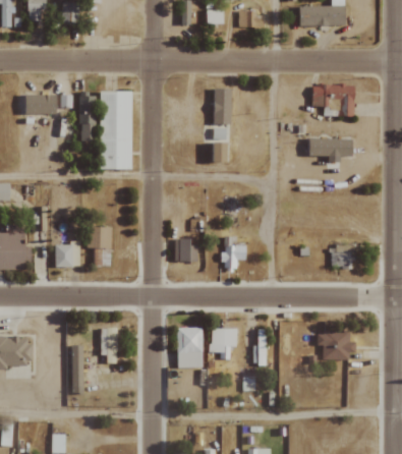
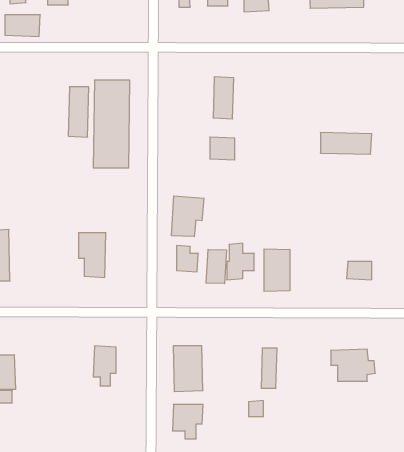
building: [310,84,352,116] -> none
building: [28,95,60,114] -> [5,15,40,36]
building: none -> [172,196,204,237]
building: none -> [264,249,290,291]
building: none -> [206,249,226,284]
building: [57,243,81,267] -> none
building: [208,329,235,359] -> [172,404,203,439]

